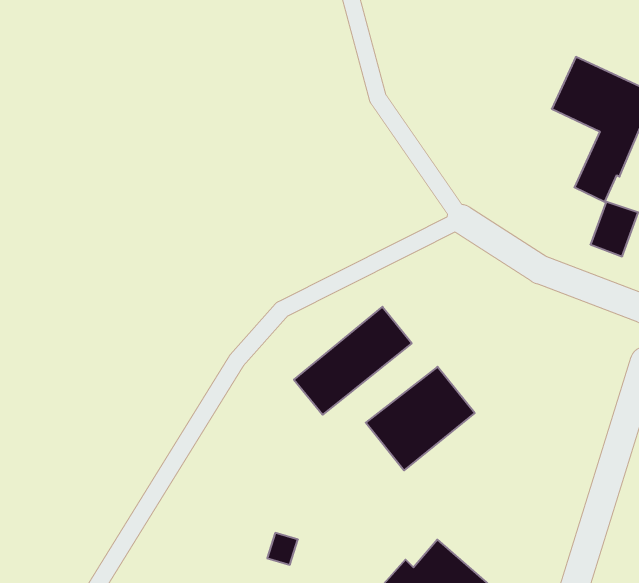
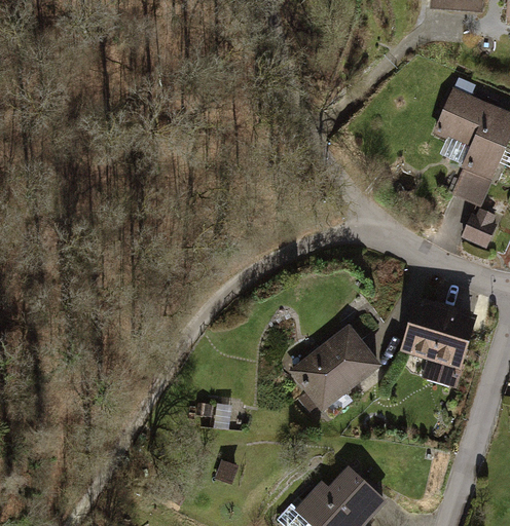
building: [294,307,412,415] -> none
building: none -> [404,305,470,387]

